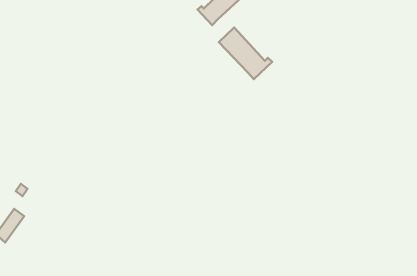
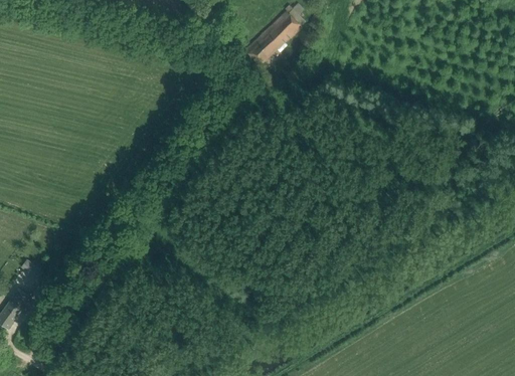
building: [219,27,272,79] -> none

